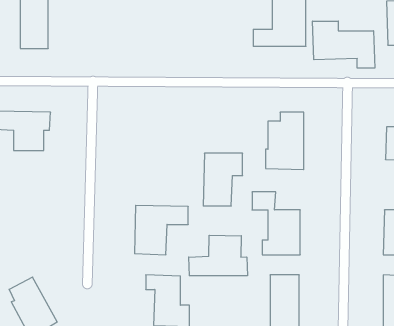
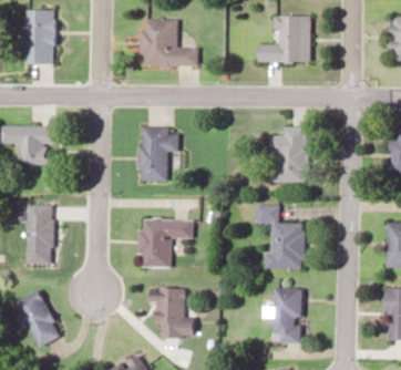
building: none -> [141,20,197,66]
building: [313,21,375,68] -> none
building: [203,153,243,206] -> [140,129,178,181]
building: none -> [28,205,54,264]
building: [189,235,247,276] -> none

